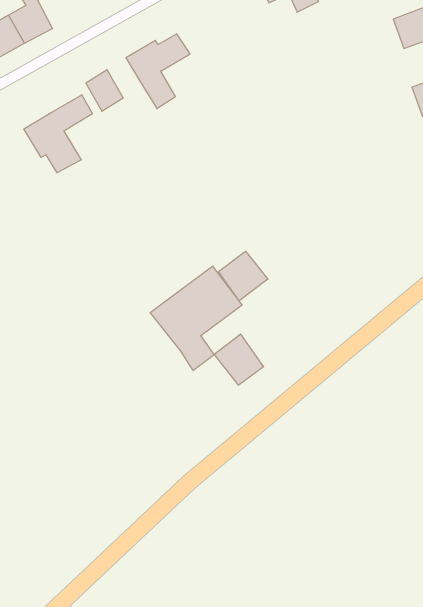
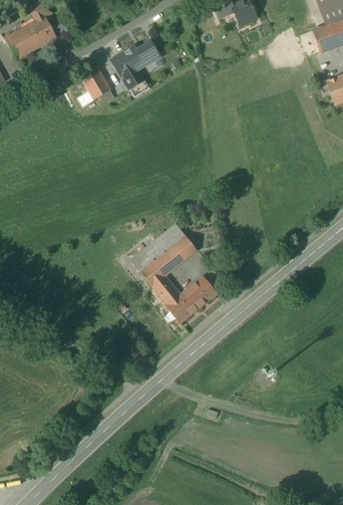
building: [24,95,92,173] -> none
building: [218,251,268,301] -> none
building: none -> [161,283,196,319]

